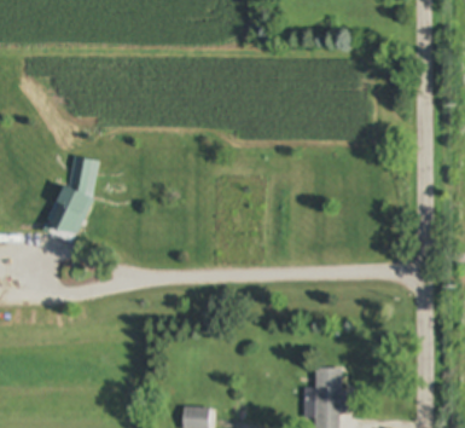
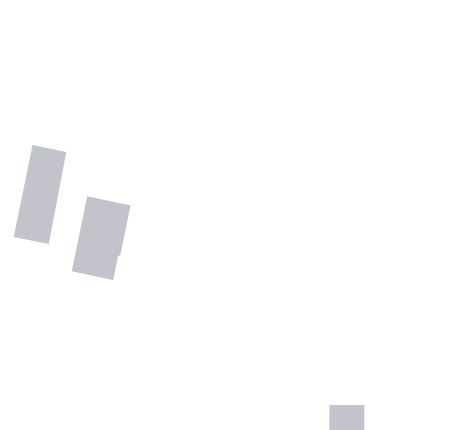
building: none -> [71,196,131,281]

